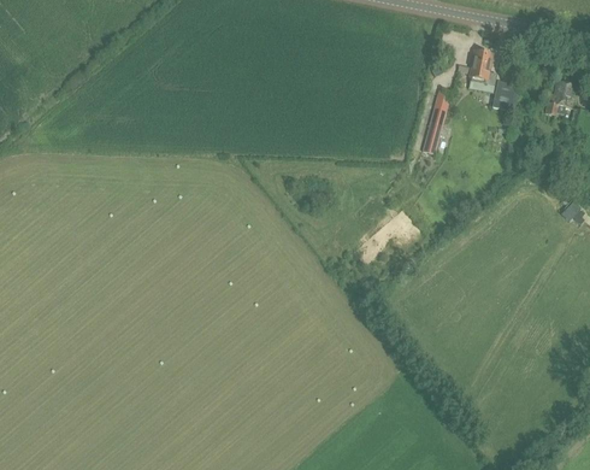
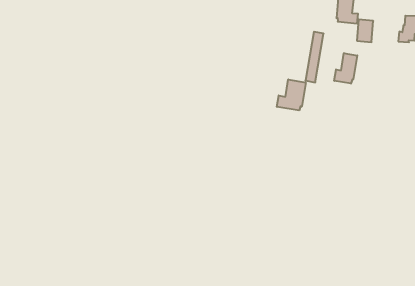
building: none -> [334,53,357,84]
building: none -> [277,79,306,110]

